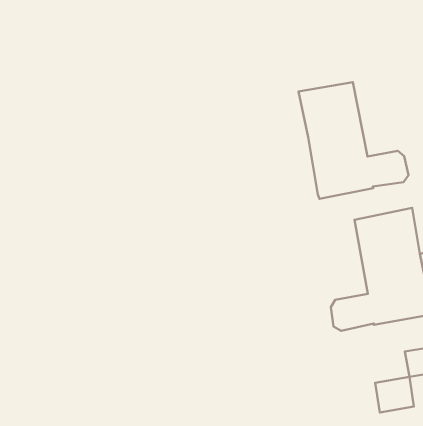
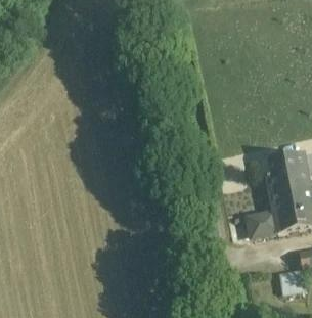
building: [298,82,408,199] -> none

